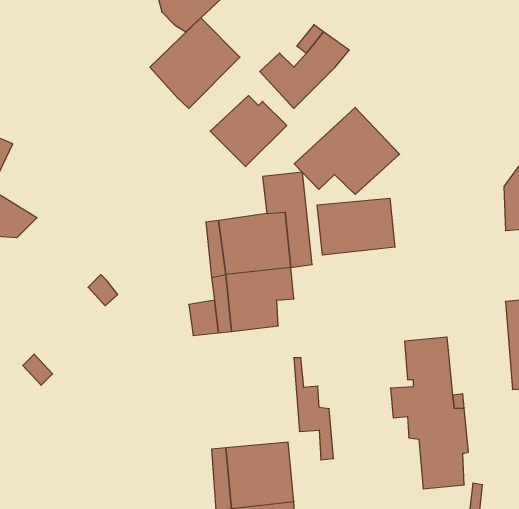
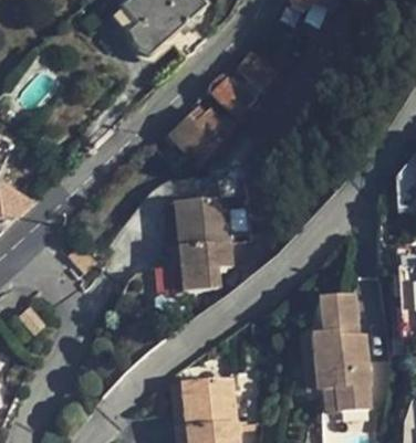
building: [150,18,240,108] -> none
building: [294,107,400,194] -> none
building: [317,198,395,255] -> none
building: [294,358,334,460] -> [304,334,335,413]

